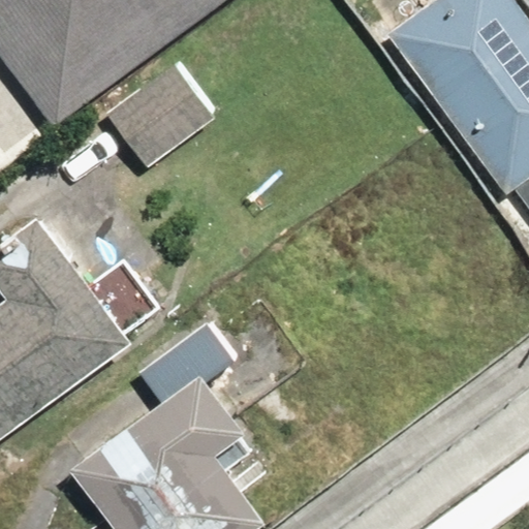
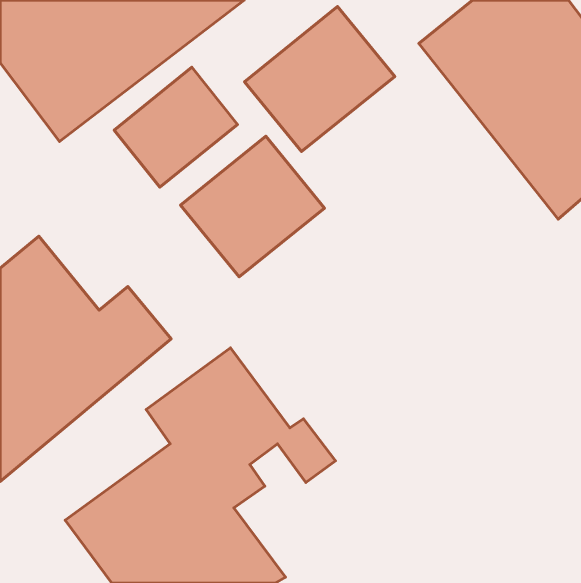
building: none -> [244,7,395,152]
building: none -> [181,136,324,277]

